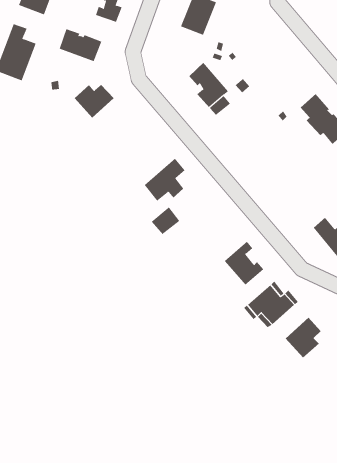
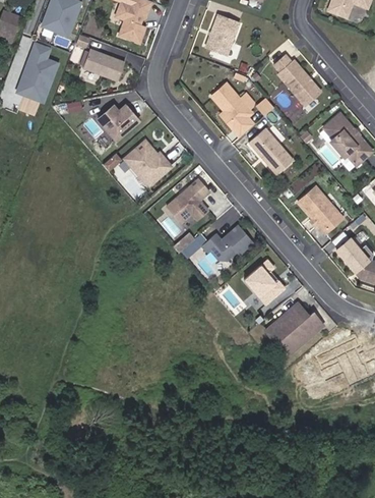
building: none -> [273,54,321,105]
building: none -> [249,127,293,173]
building: none -> [124,139,172,185]
building: none -> [297,185,341,232]
building: none -> [201,224,253,260]
building: [285,317,321,359] -> none

